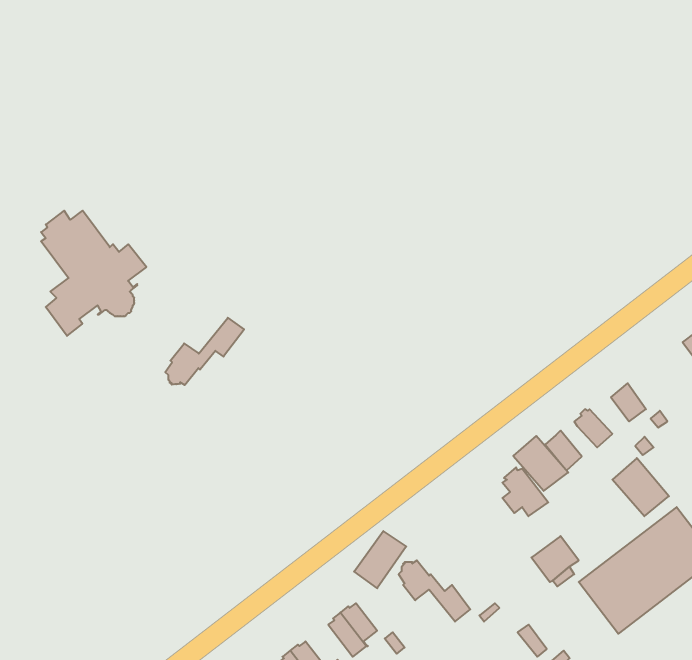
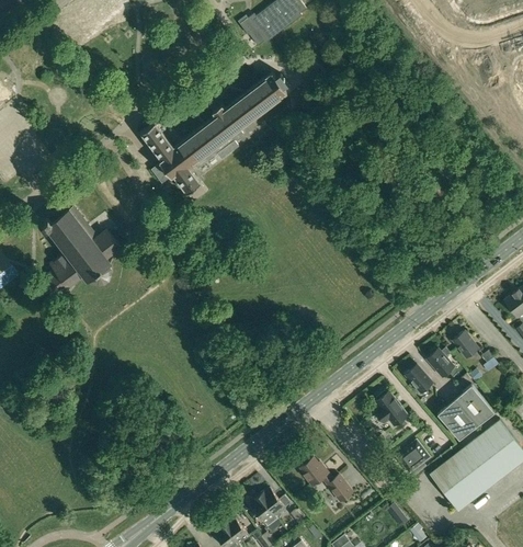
building: none -> [143,75,288,202]
building: [165,318,244,385] -> none
building: [513,436,568,491] -> [437,400,477,440]
building: [354,531,406,588] -> none

